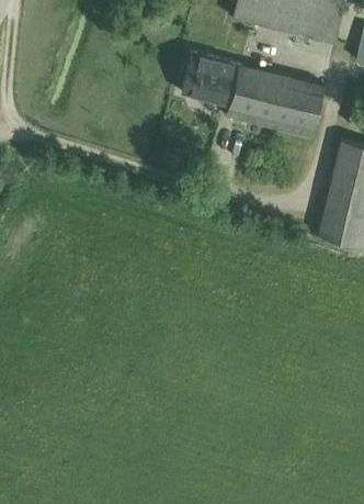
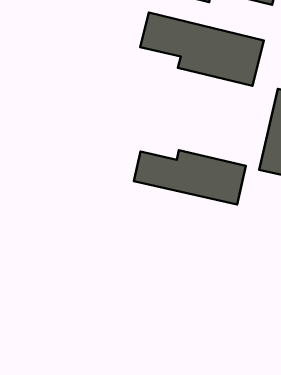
building: none -> [134,150,246,205]

